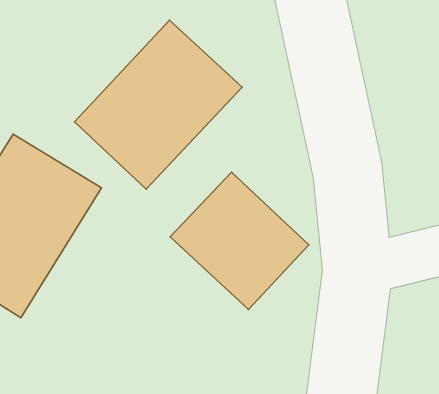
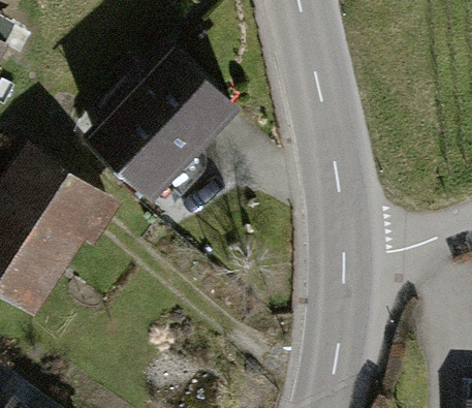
building: [170,172,309,309] -> none

